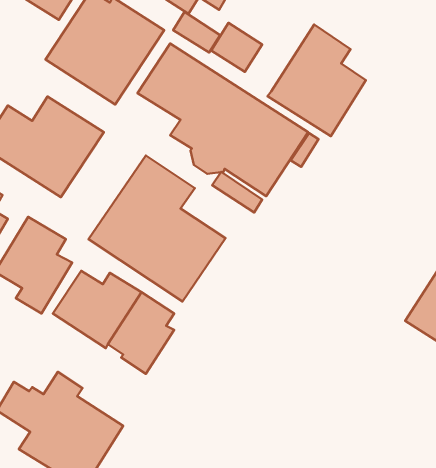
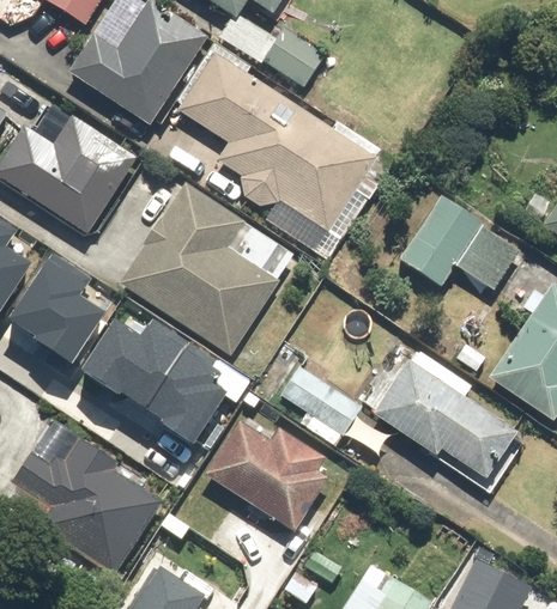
building: [268,25,366,136] -> none
building: none -> [401,196,521,290]
building: none -> [376,361,520,479]
building: none -> [281,367,362,436]
building: none -> [202,415,326,528]

